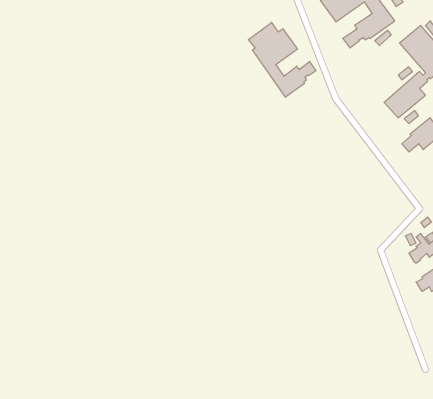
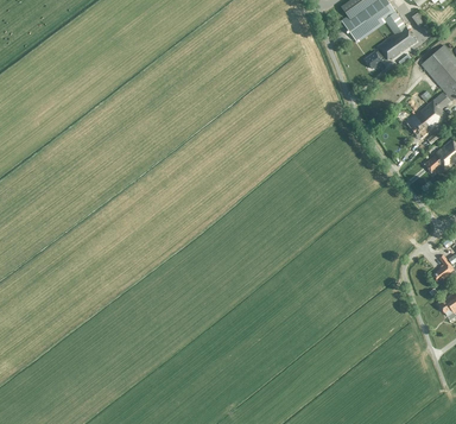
building: [248,22,316,97] -> none

